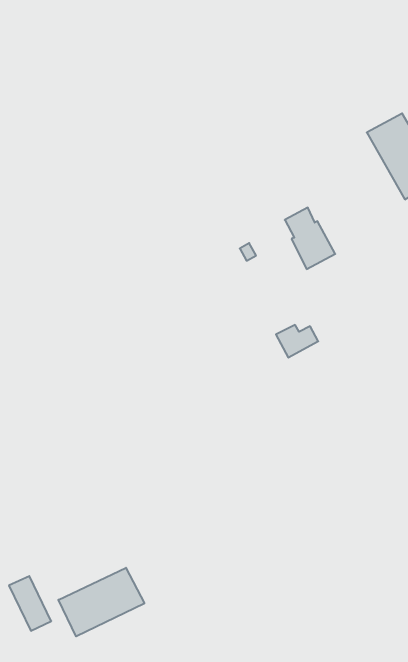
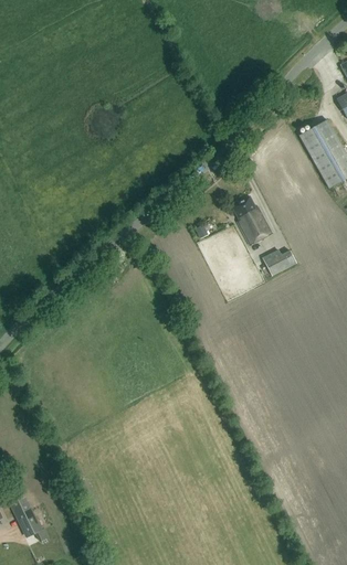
building: [276,325,318,358] -> [263,249,297,276]
building: [58,568,144,636] -> none

